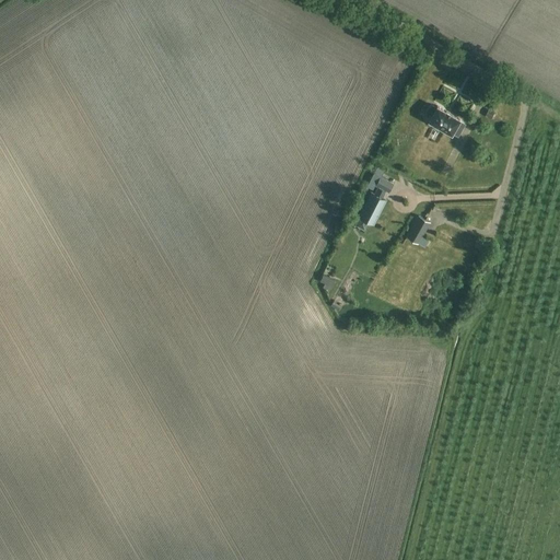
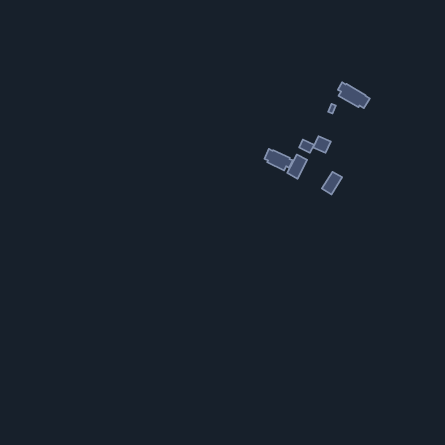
building: none -> [264,149,293,171]

